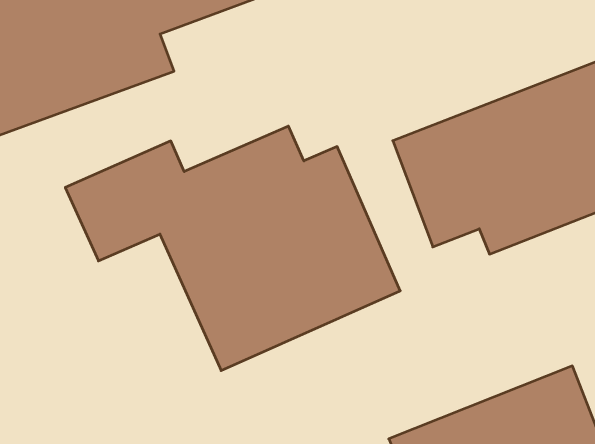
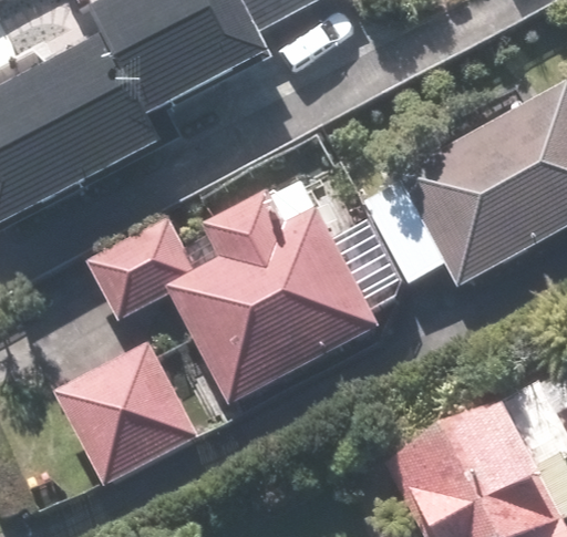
building: none -> [56,342,198,479]

